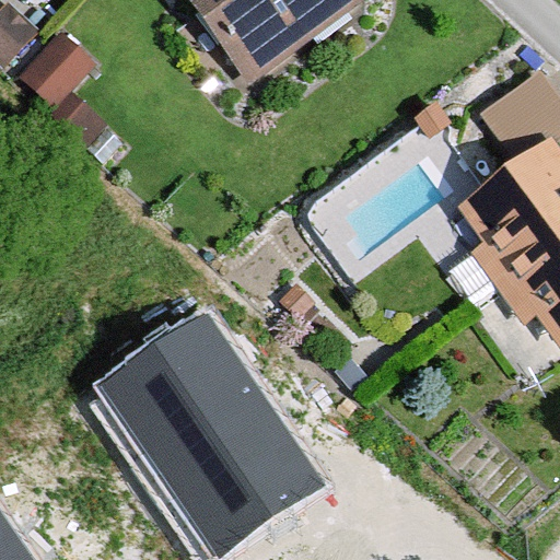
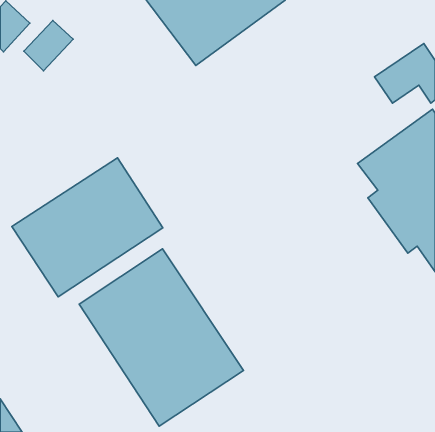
building: none -> [12,158,163,297]

